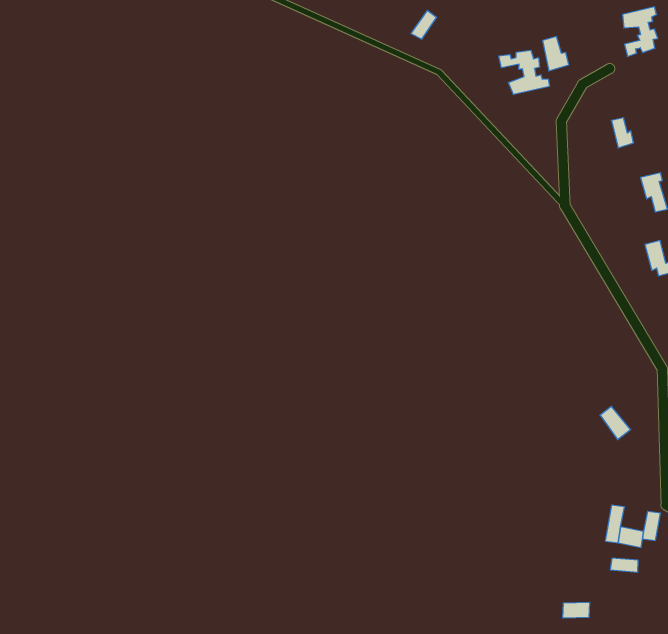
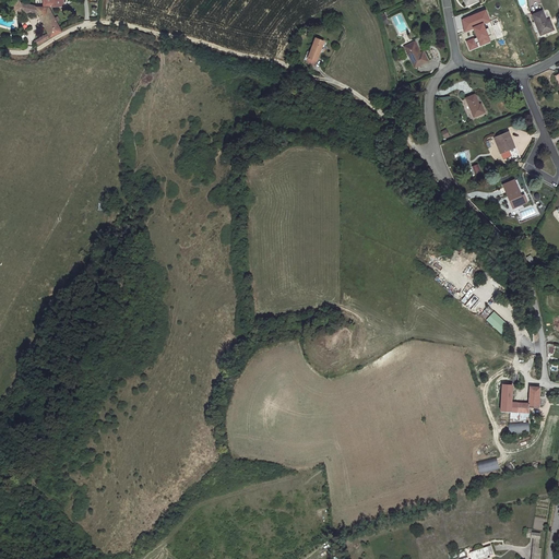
building: [499,50,550,95] -> none

